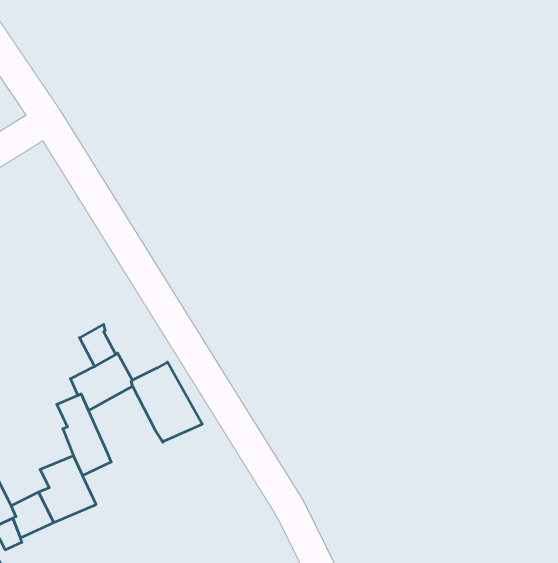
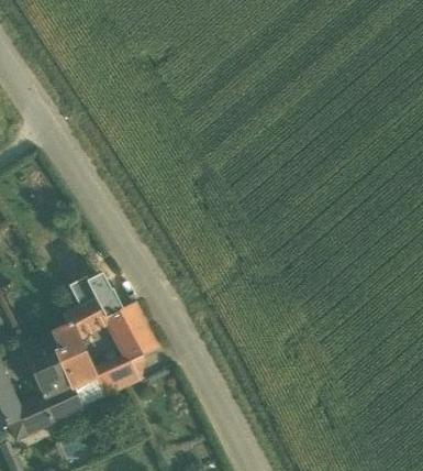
building: none -> [87,273,123,317]
building: none -> [26,335,65,382]
building: none -> [71,353,140,407]

